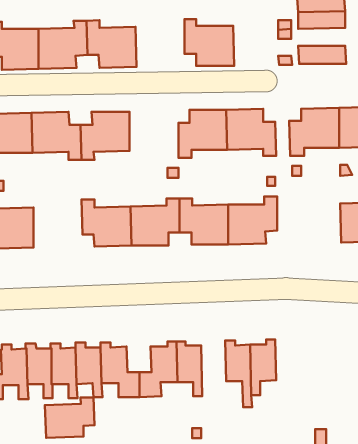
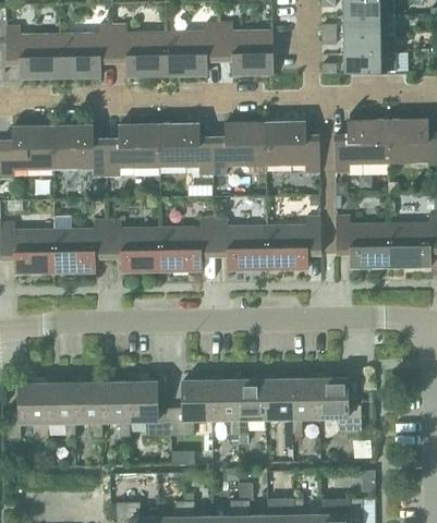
building: none -> [166,23,219,75]
building: none -> [343,33,394,52]
building: none -> [159,123,213,175]
building: none -> [336,217,390,268]
building: none -> [54,220,108,272]
building: none -> [318,373,361,433]
building: none -> [238,374,265,445]
building: [45,397,95,438] -> none

